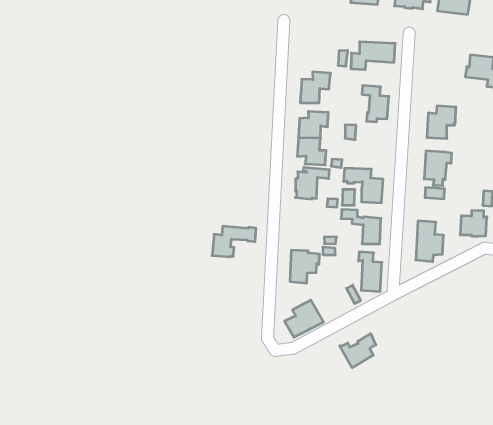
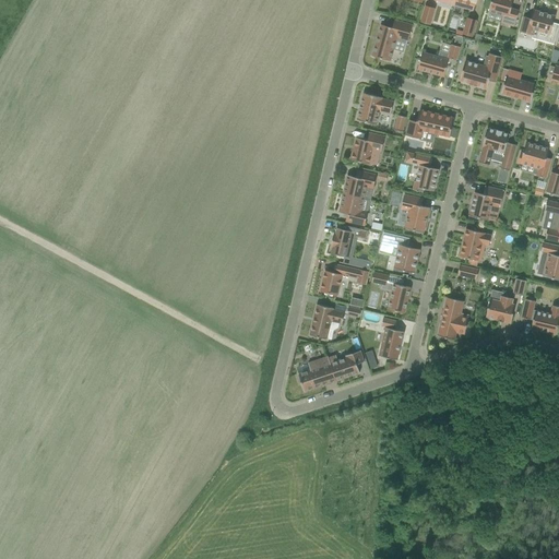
building: none -> [357,93,393,123]
building: none -> [478,127,516,170]
building: none -> [401,193,429,231]
building: [212,226,256,257] -> [320,263,368,295]
building: [340,334,376,368] -> [328,349,364,380]

